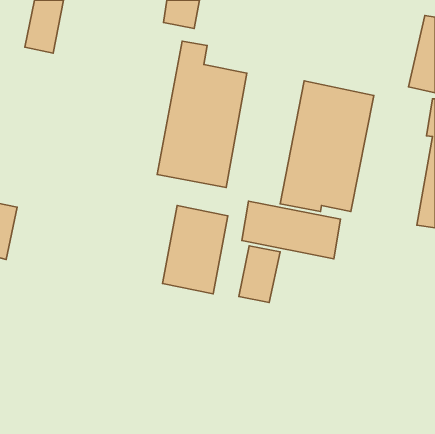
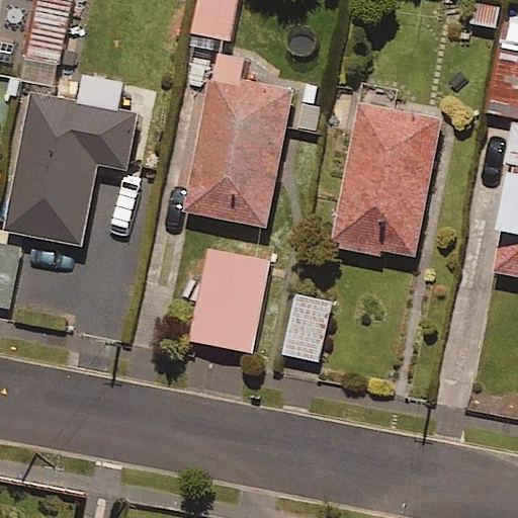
building: none -> [4,84,136,246]
building: [242,201,341,259] -> none

